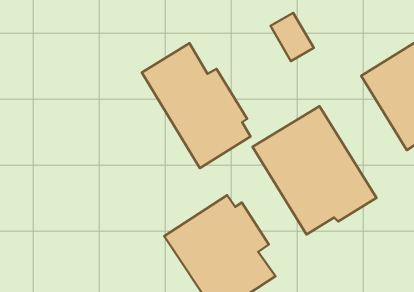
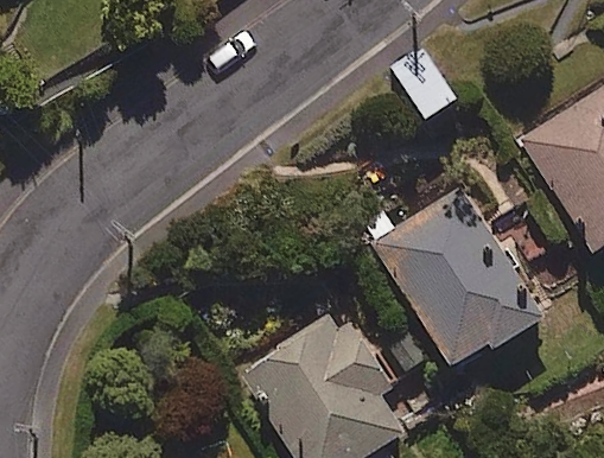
building: [142,43,251,168] -> none

